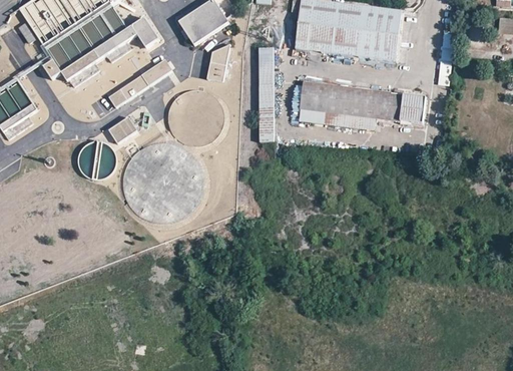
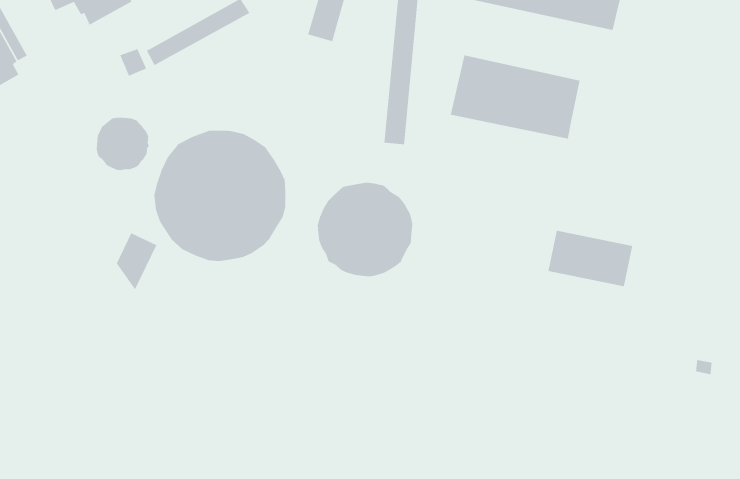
building: [166,89,225,147] -> [317,182,413,277]
building: [374,91,425,122] -> [548,230,633,287]
building: [108,117,136,143] -> none
building: none -> [116,232,157,291]

